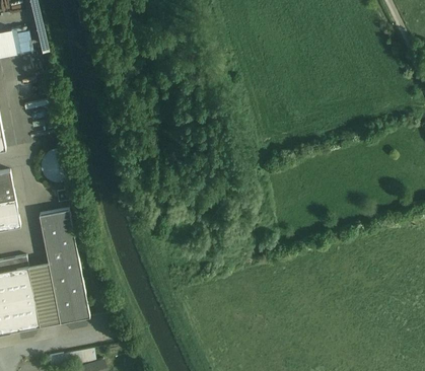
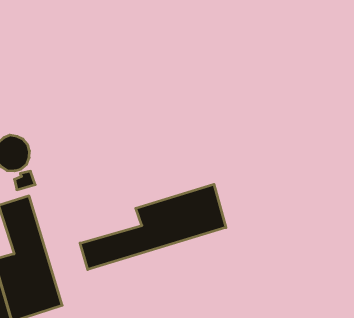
building: none -> [80,184,226,270]

